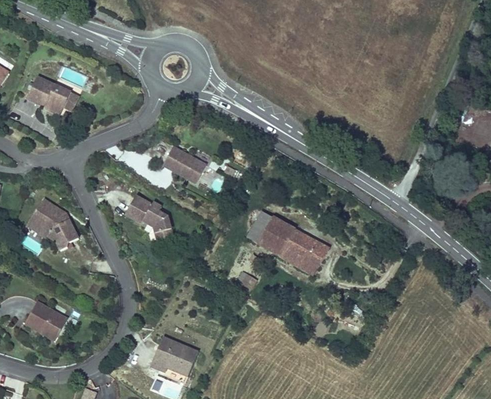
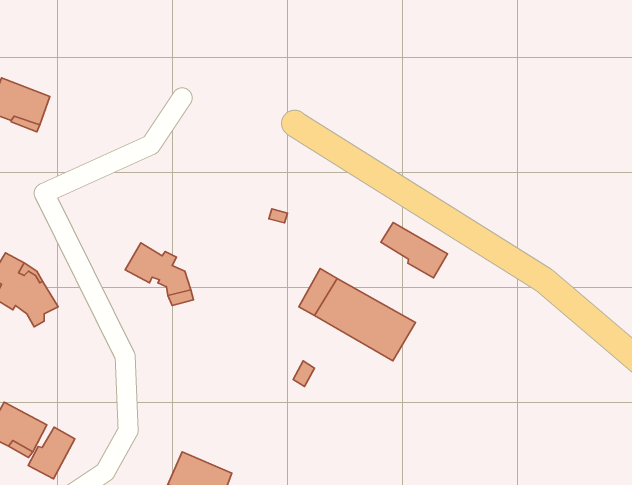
building: [164,148,207,185] -> none
building: none -> [381,223,447,278]
building: none -> [28,427,75,479]

